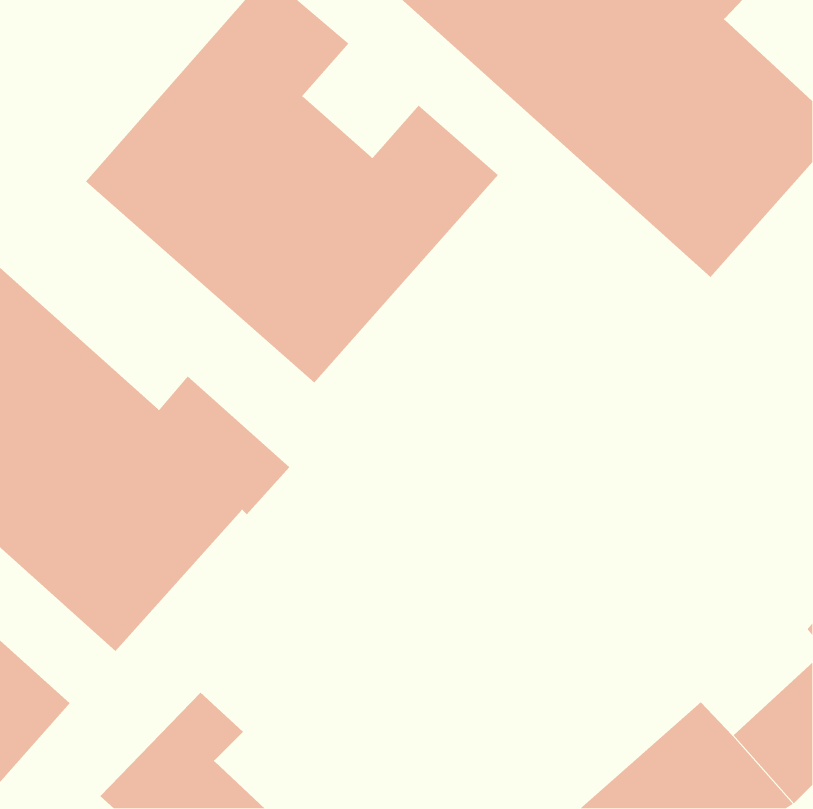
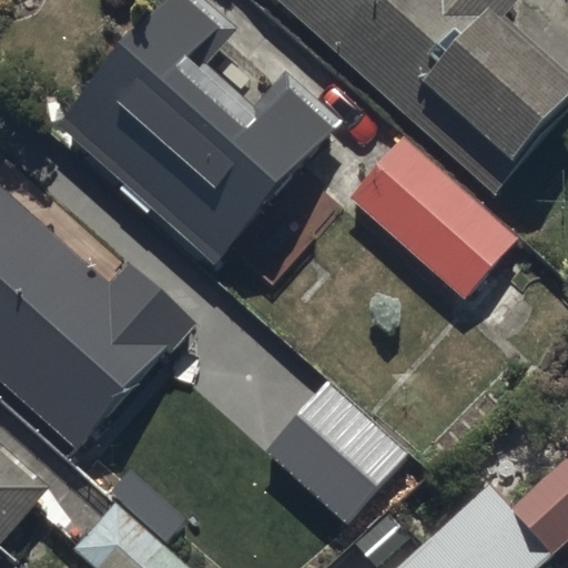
building: none -> [346,134,515,296]
building: none -> [264,384,404,521]

